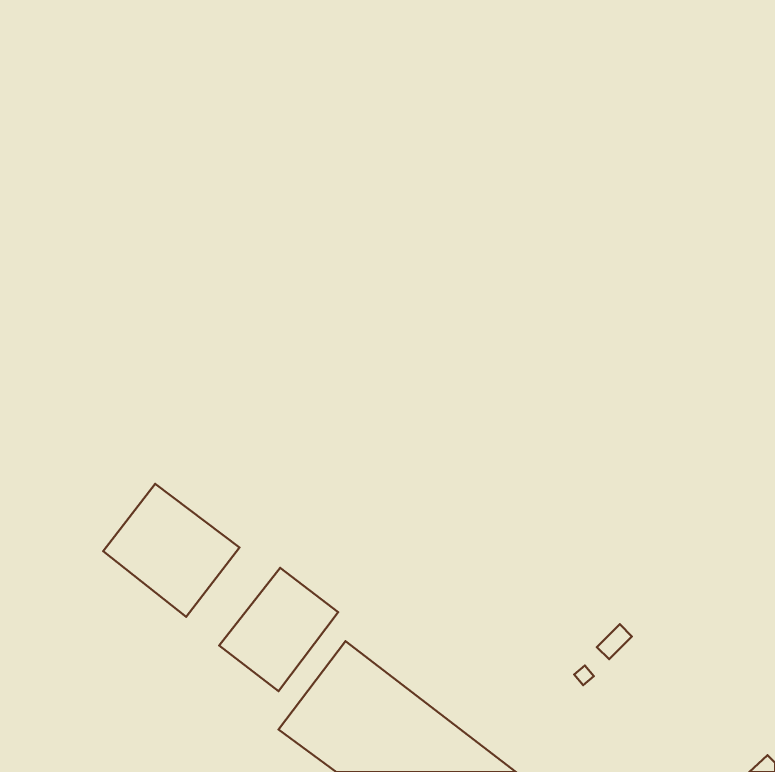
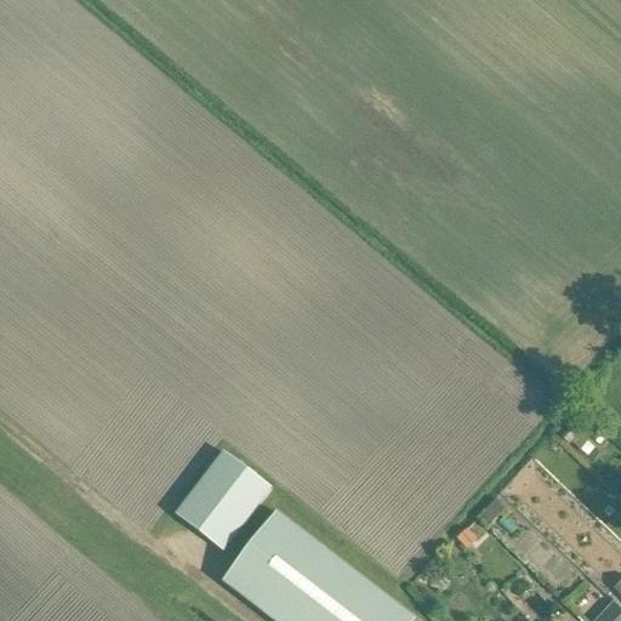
building: [103,484,240,617] -> none

